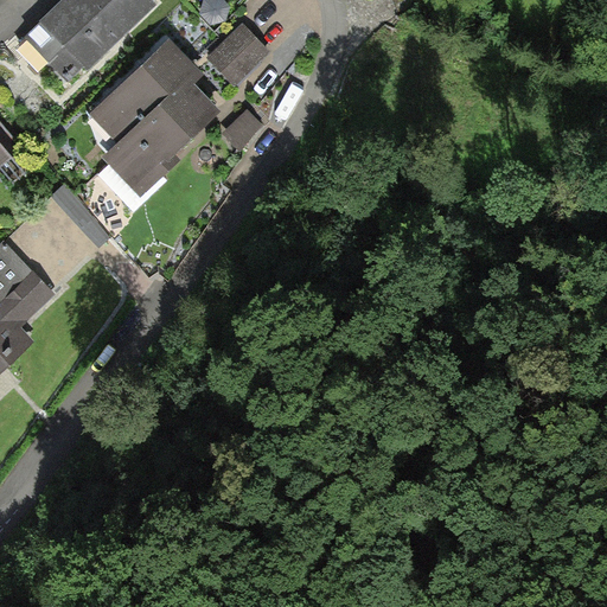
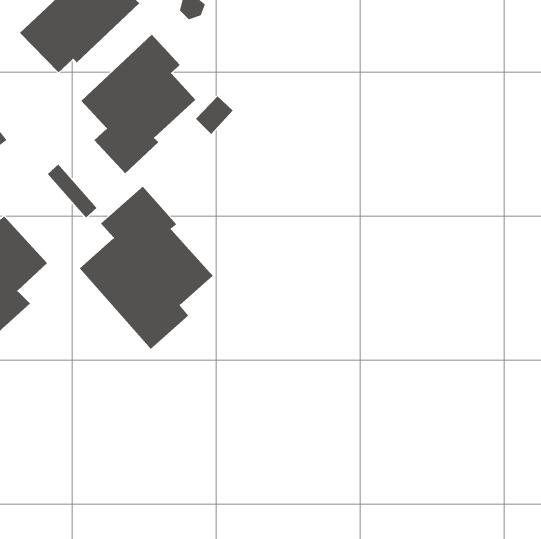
building: [206,21,269,83] -> none
building: none -> [79,186,213,350]

